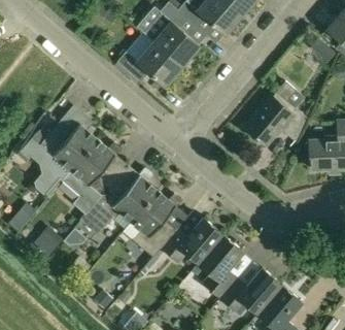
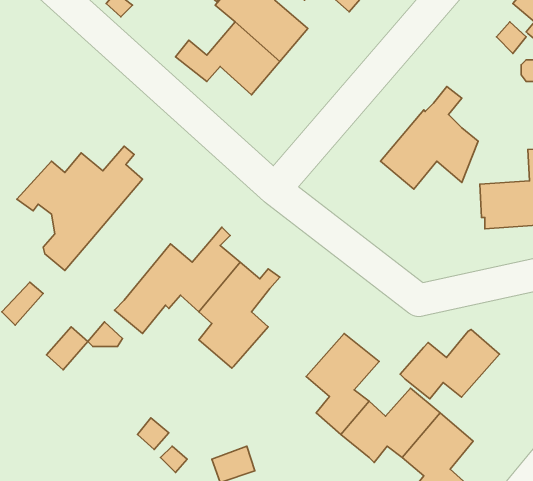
building: [62,139,123,214] -> none
building: [161,220,222,263] -> [400,329,499,399]

